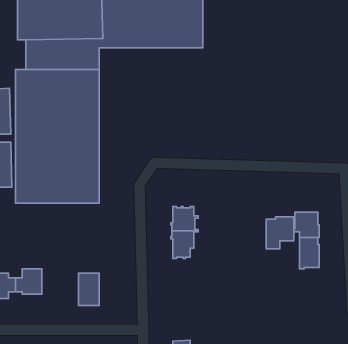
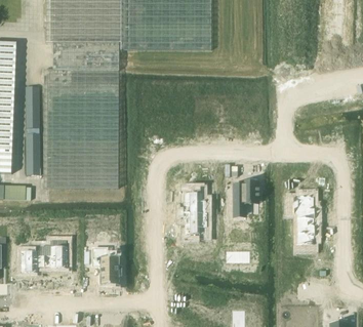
building: [266,217,294,249] -> [234,181,258,210]

